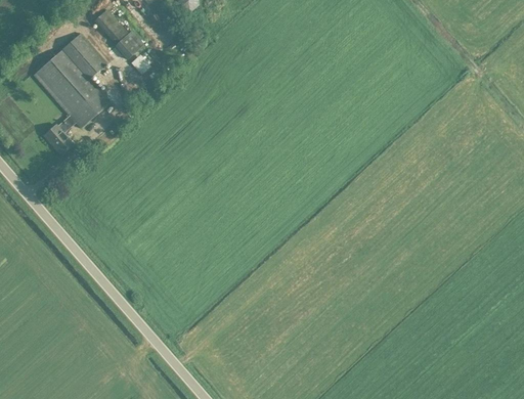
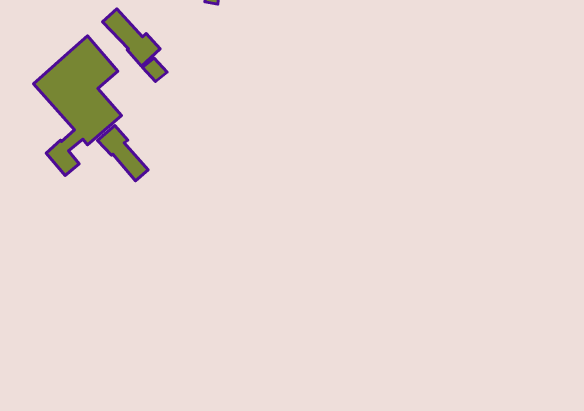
building: none -> [98,125,148,181]

